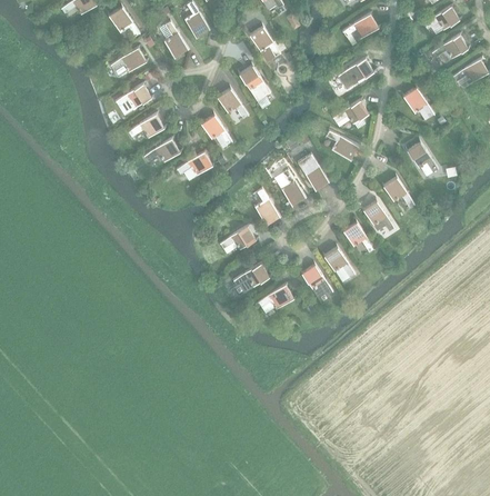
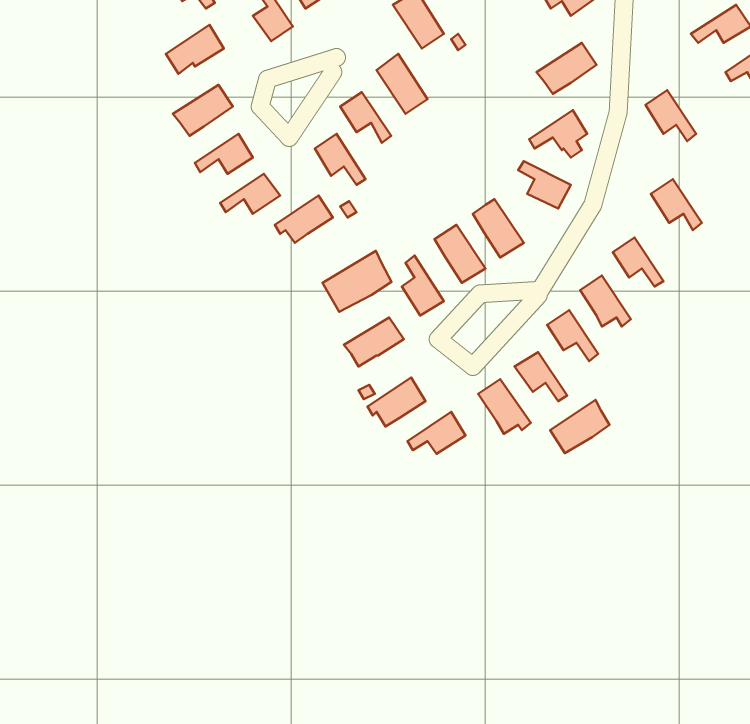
building: none -> [322,251,392,312]
building: none -> [550,400,610,453]

